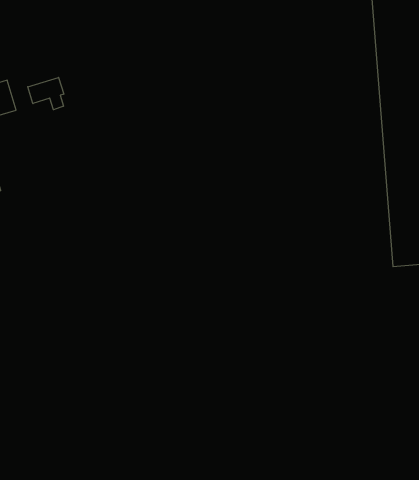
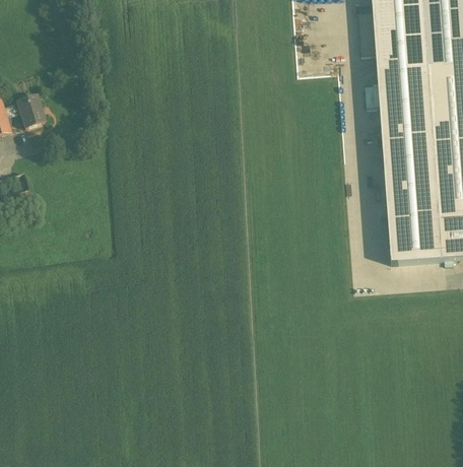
building: [28,77,64,110] -> none

